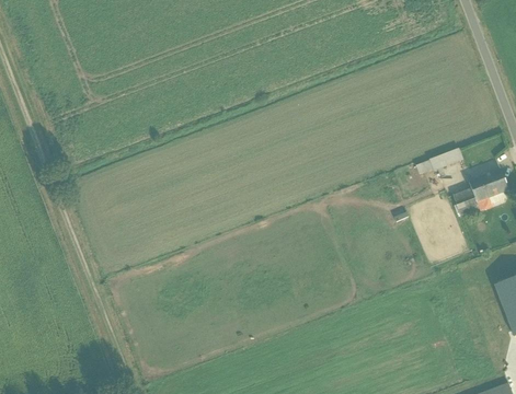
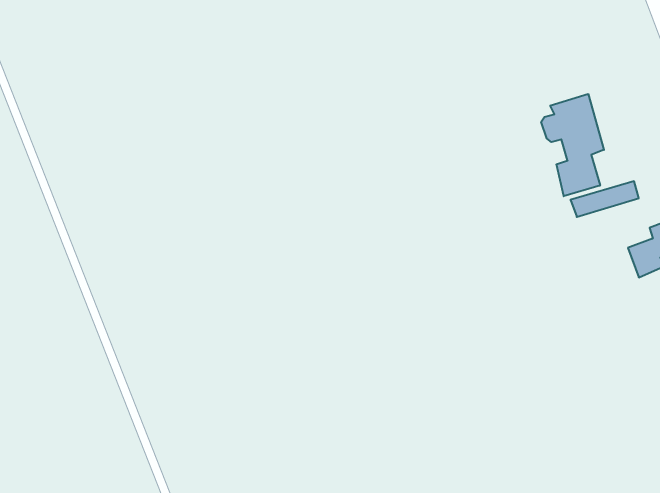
building: none -> [541,94,604,196]

